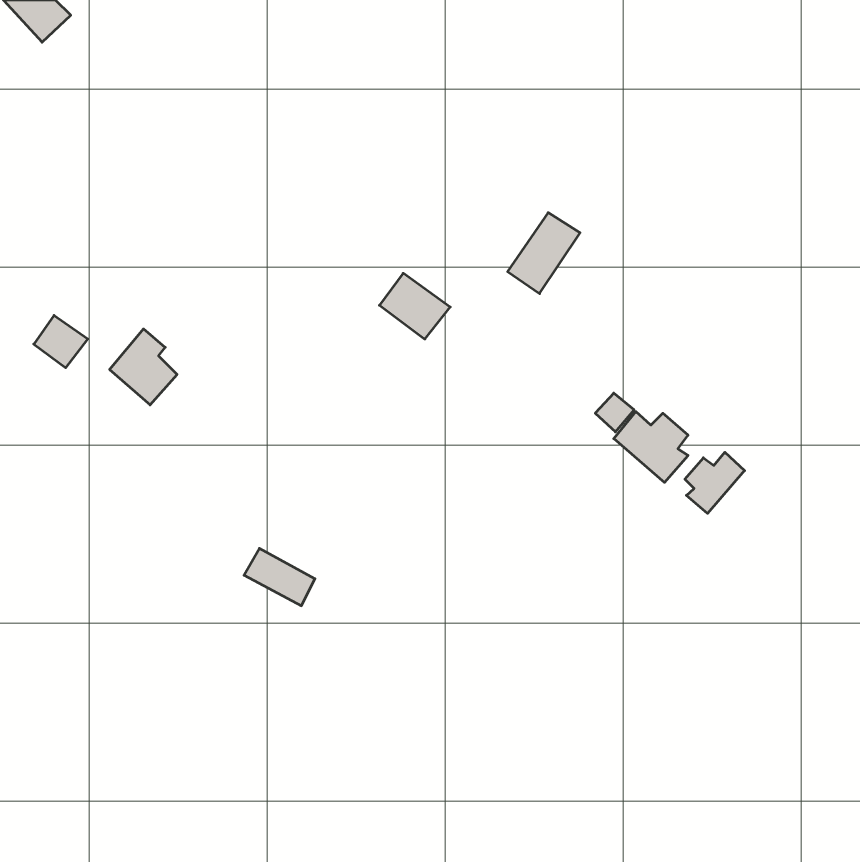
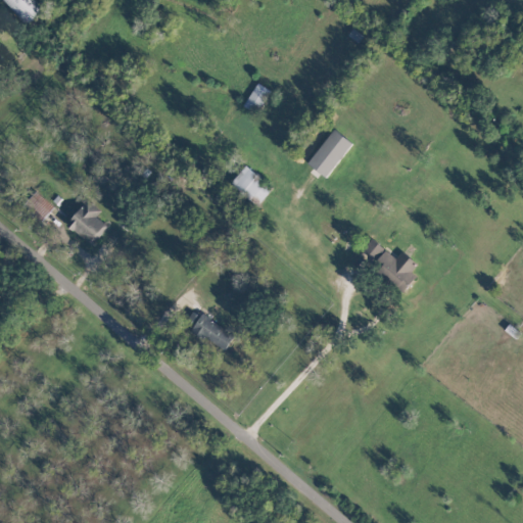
building: none -> [243,83,271,114]
building: [685,452,745,513] -> none
building: [244,548,315,606] -> [191,315,234,349]

